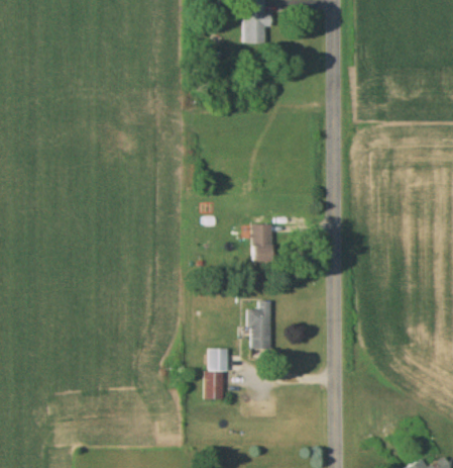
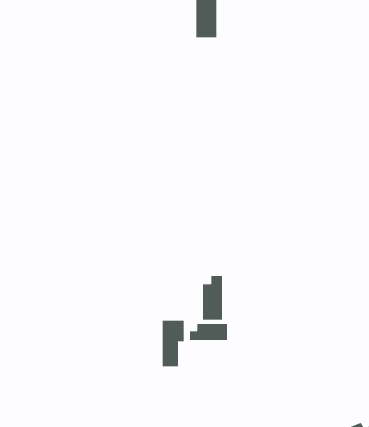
building: [250,223,272,261] -> none
building: none -> [190,323,227,341]

